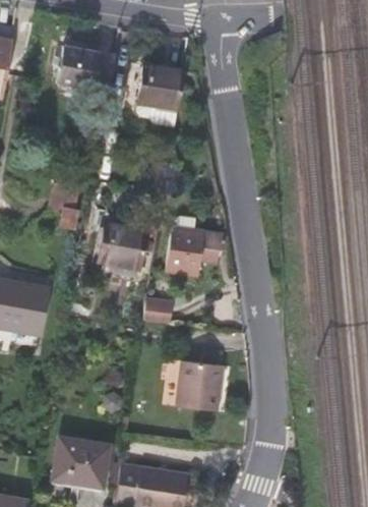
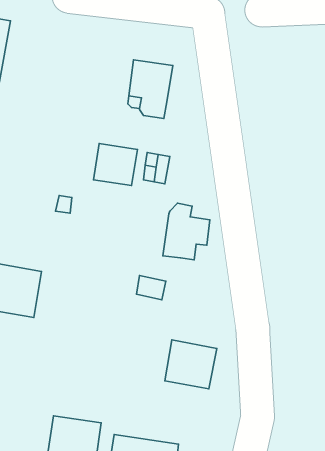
building: [55,47,113,93] -> none
building: [99,225,144,269] -> [93,144,137,186]

